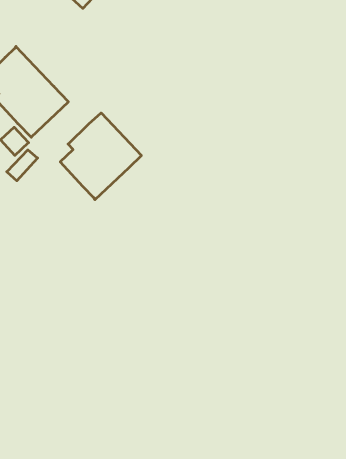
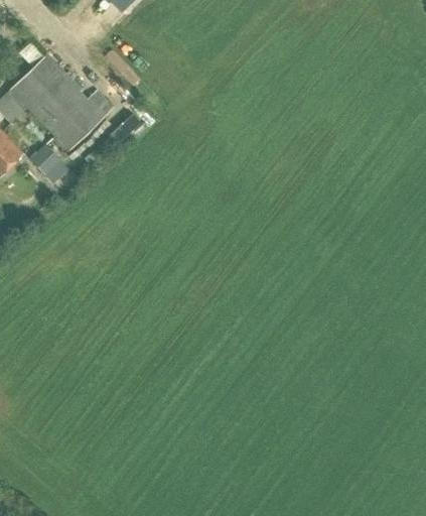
building: [60,113,141,200] -> none

